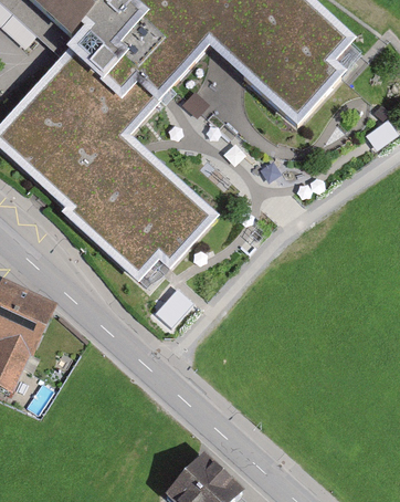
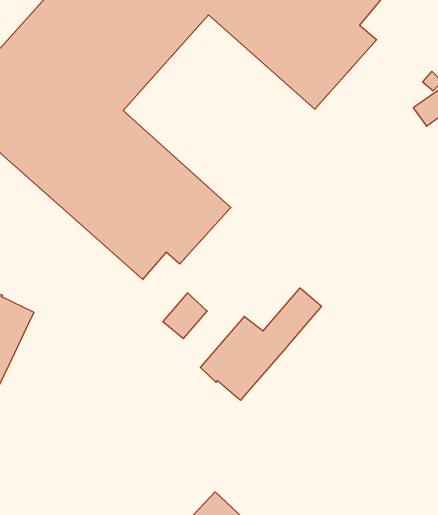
building: none -> [200,288,321,400]

